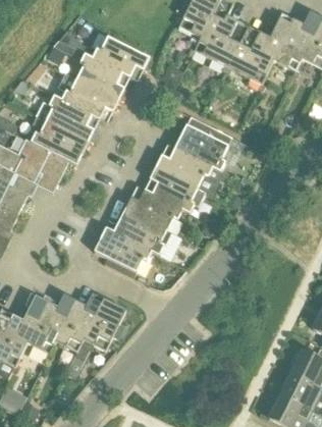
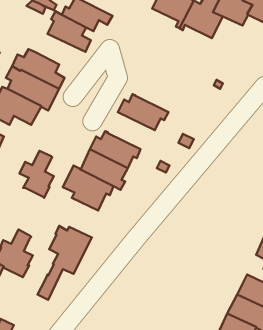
building: [58,71,119,116] -> none
building: [174,114,232,170] -> none
building: [144,166,205,212] -> none
building: [50,298,89,351] -> [20,151,54,198]

